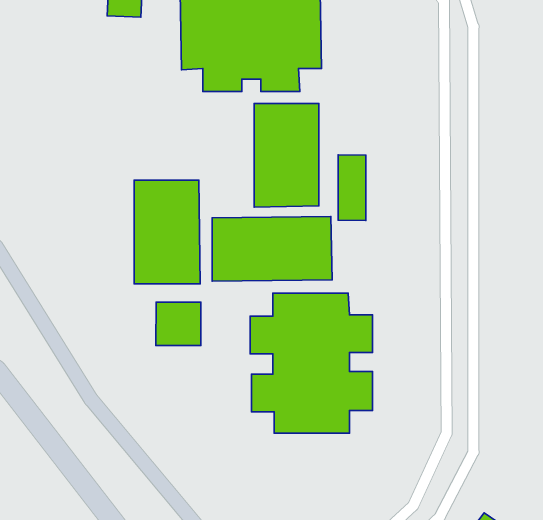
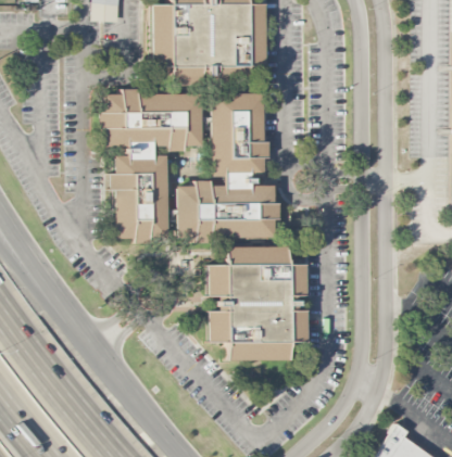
building: none -> [104,93,202,147]
building: [338,155,366,220] -> none
building: [156,302,201,345] -> none

